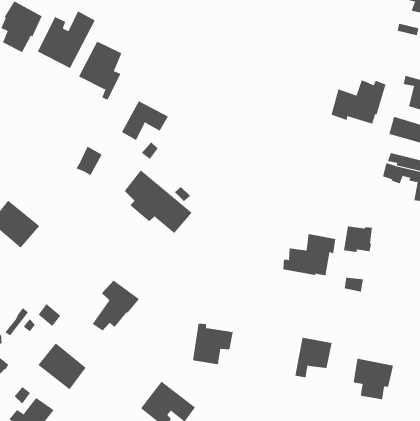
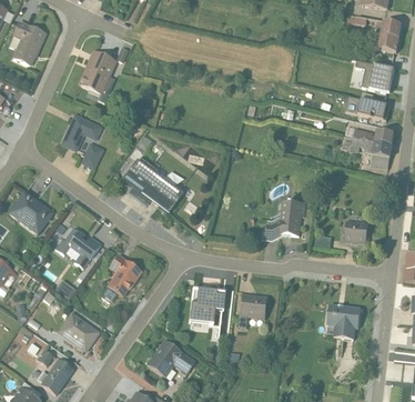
building: [37,11,96,69] -> none
building: [331,79,386,125] -> none
building: [121,101,169,141] -> [62,113,102,148]
building: [343,226,373,252] -> [346,225,371,248]
building: none -> [55,225,102,267]
building: [295,337,333,378] -> [237,292,269,326]

